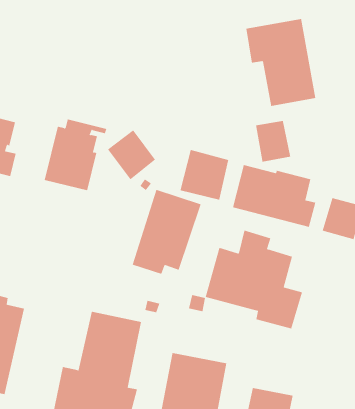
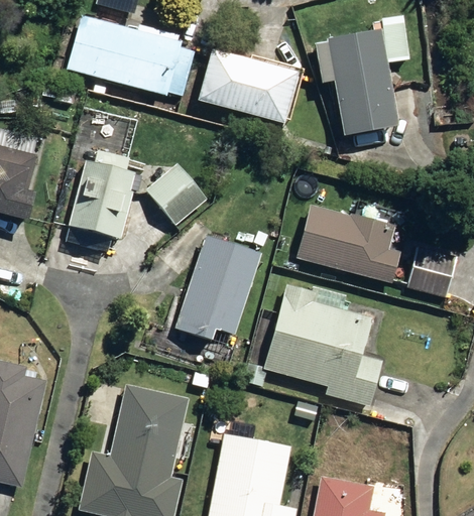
building: none -> [66,15,194,96]
building: none -> [200,48,299,123]
building: [256,120,291,163] -> none
building: [180,149,229,201] -> none

